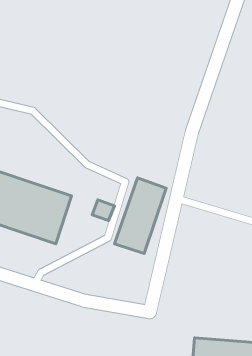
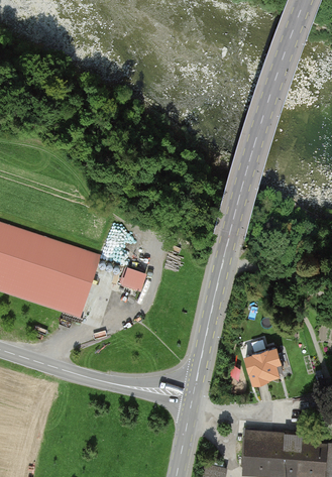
building: [115,178,166,253] -> none
building: none -> [243,347,278,381]

